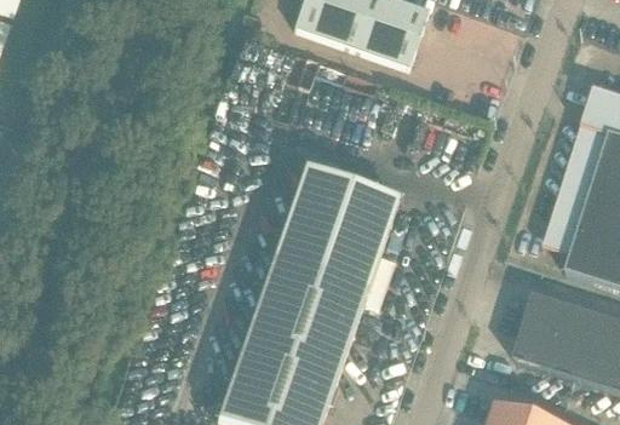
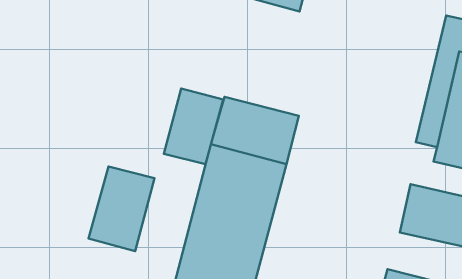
building: none -> [164,88,223,164]
building: none -> [89,167,155,251]

